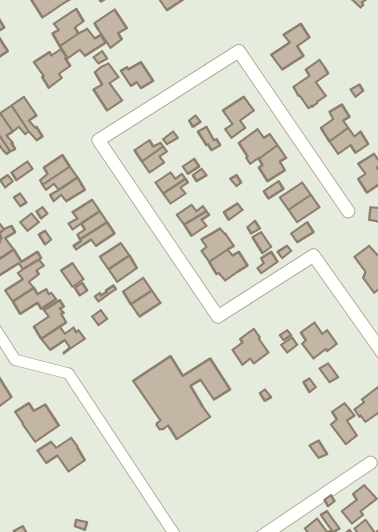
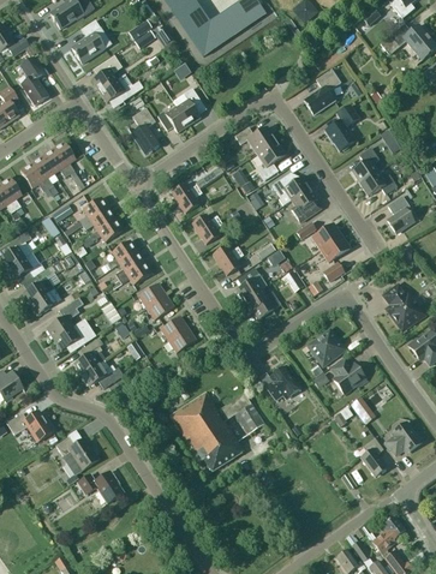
building: [94,10,127,48] -> [173,88,204,125]
building: [34,49,70,88] -> none
building: none -> [234,126,276,154]
building: none -> [307,330,339,365]

